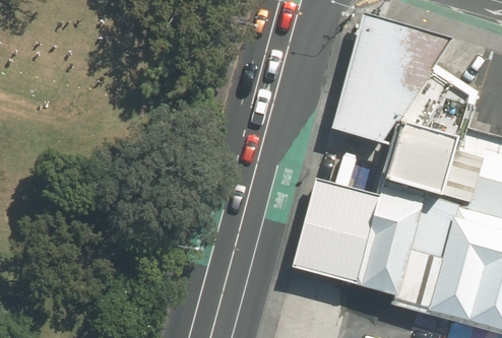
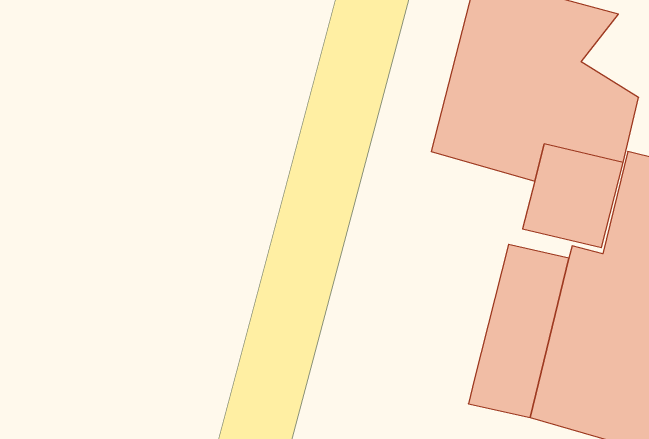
building: [295,175,383,279] -> none

